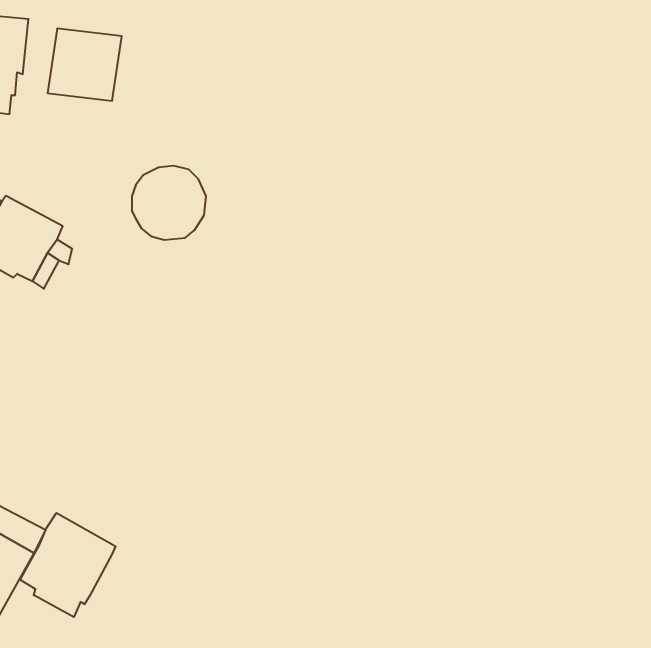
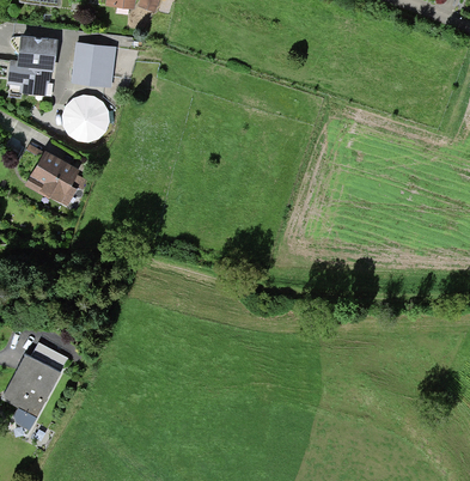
building: [132,166,206,240] -> [62,96,109,142]
building: [20,513,116,617] -> none

